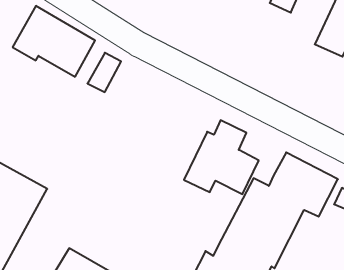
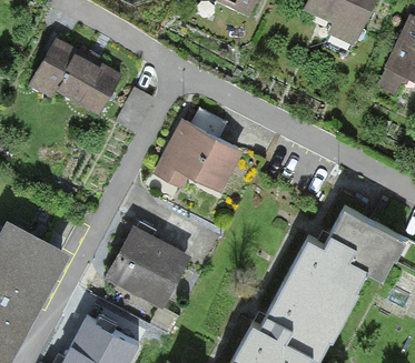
building: [184,120,259,194] -> [151,111,238,196]
building: none -> [105,225,190,310]

